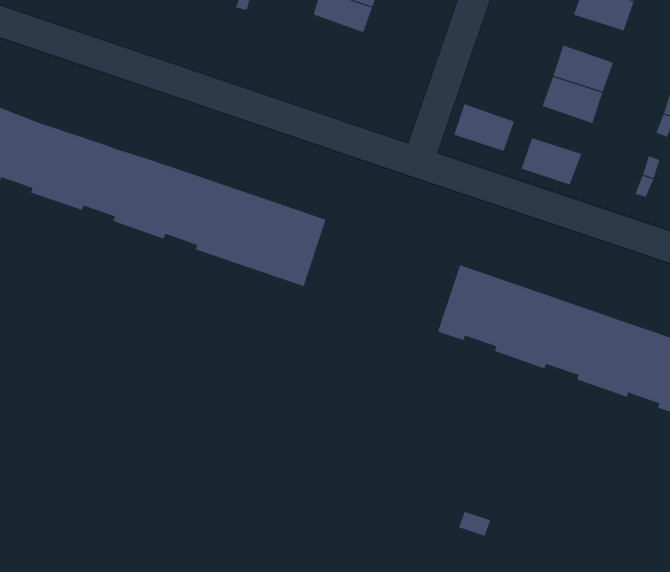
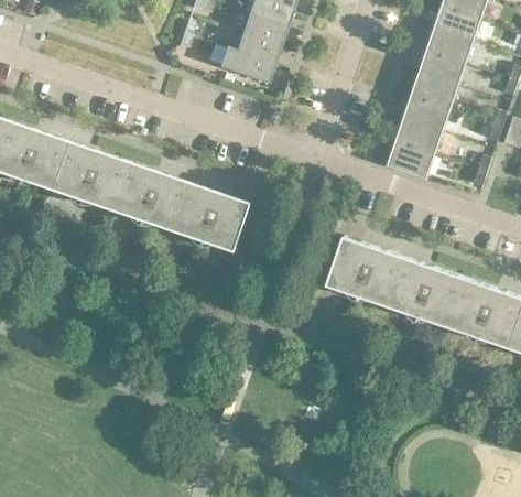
building: none -> [218,47,272,84]
building: none -> [419,52,464,87]
building: [453,104,515,151] -> [395,119,441,154]

